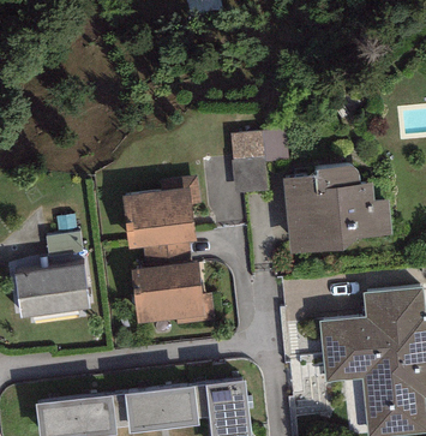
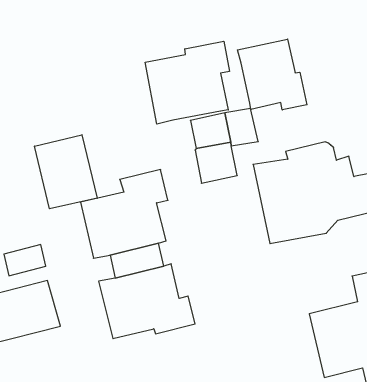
building: none -> [145,41,229,124]
building: none -> [237,39,307,110]
building: none -> [35,135,97,209]

